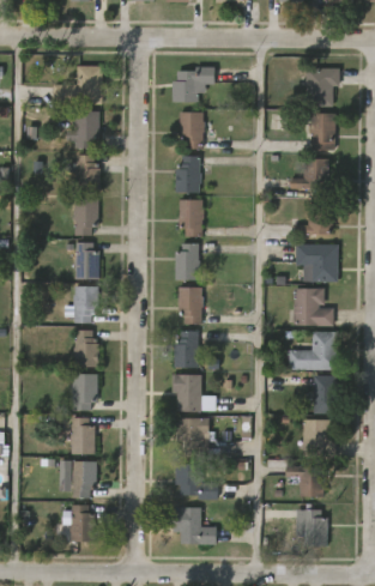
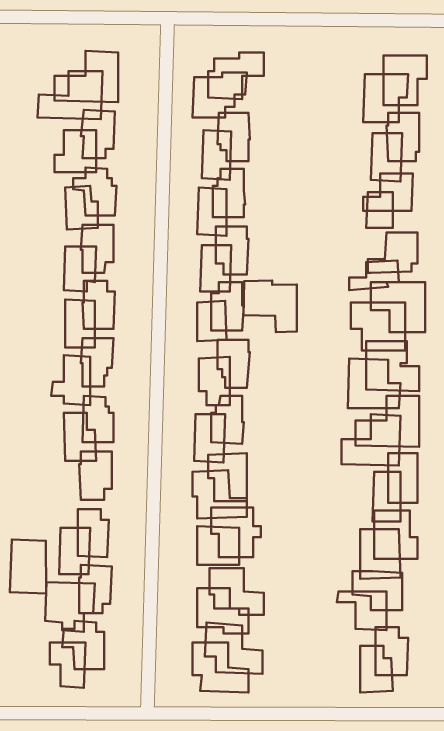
building: none -> [244,281,297,332]
building: none -> [10,540,46,593]

